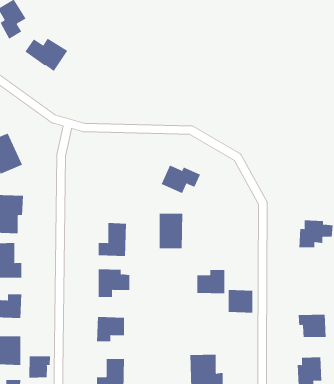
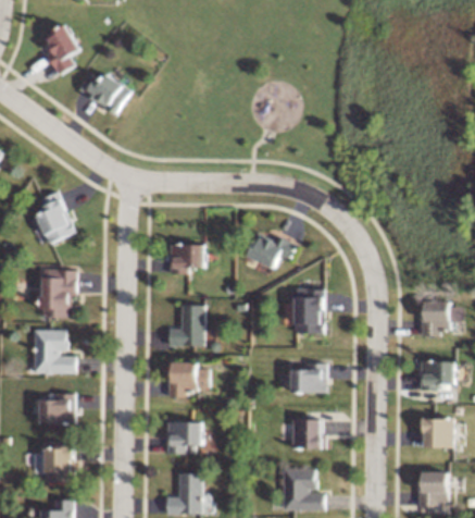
building: none -> [170,244,204,273]
building: [159,213,183,249] -> [295,288,325,333]
building: none -> [420,361,455,388]
building: [228,289,253,313] -> [292,419,324,448]
building: [29,355,51,379] -> none

